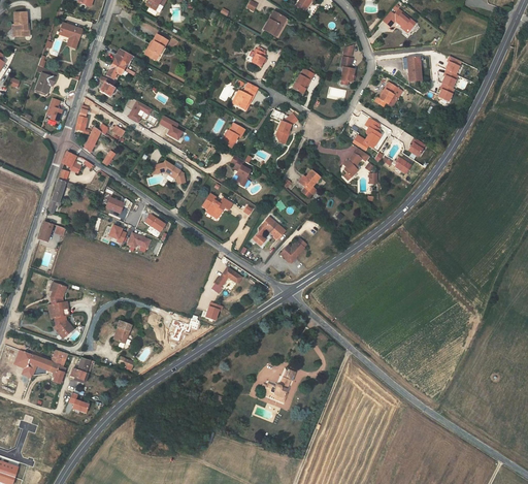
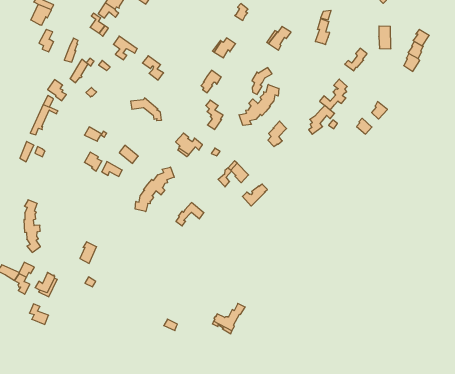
building: none -> [239,84,279,125]
building: none -> [135,167,174,212]

